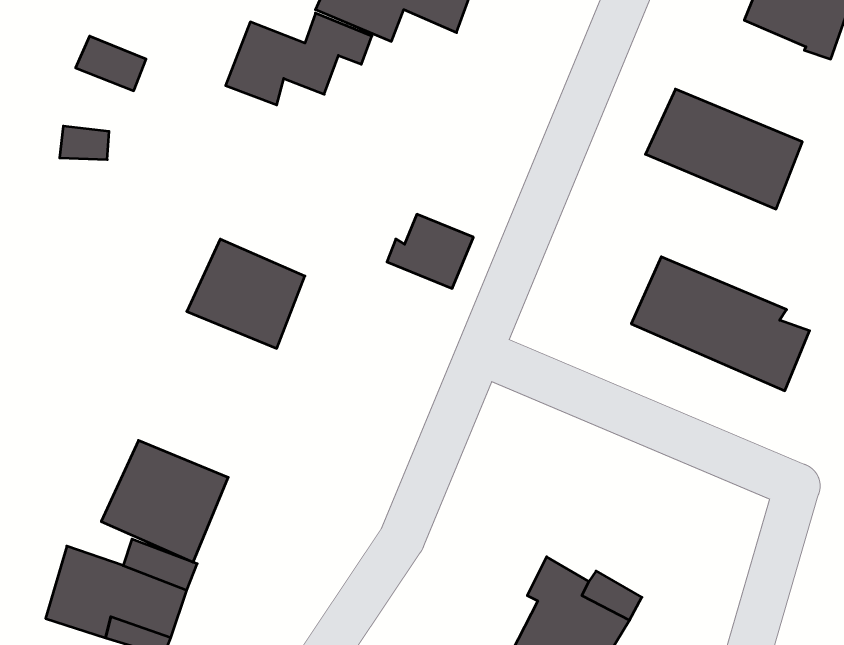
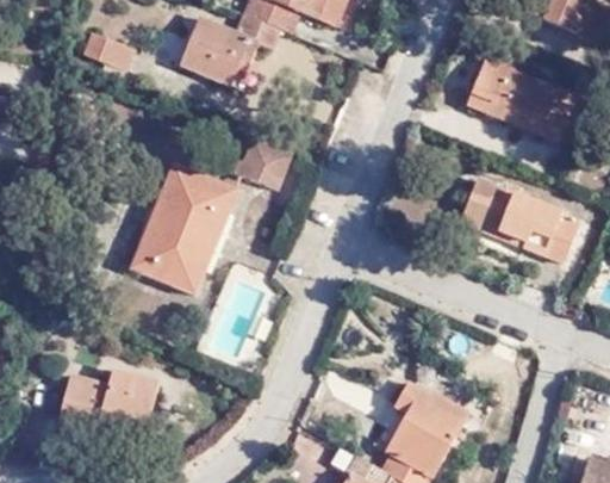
building: [387,214,473,288] -> [236,137,294,187]
building: [101,440,228,562] -> [133,213,219,296]

